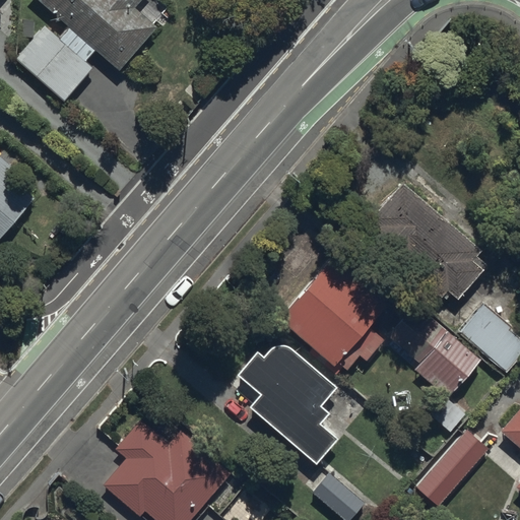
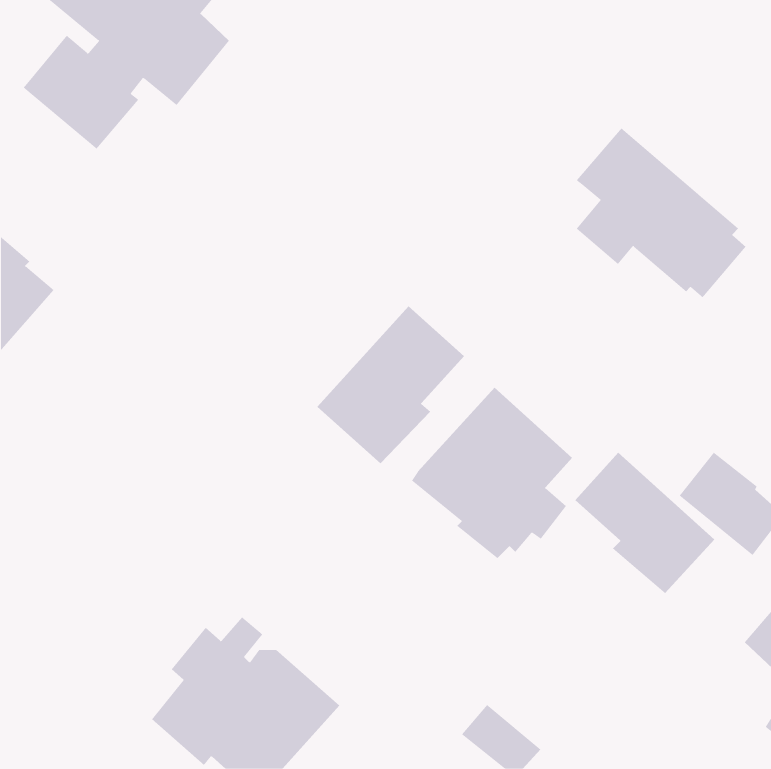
building: [371,185,485,300] -> [576,127,747,298]
building: none -> [317,305,465,464]
building: [238,338,335,454] -> none
building: [417,430,491,508] -> none

